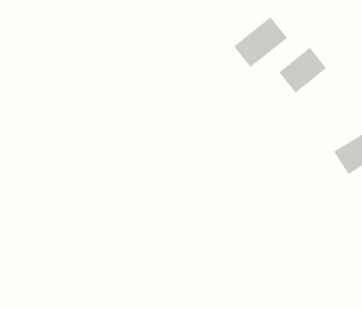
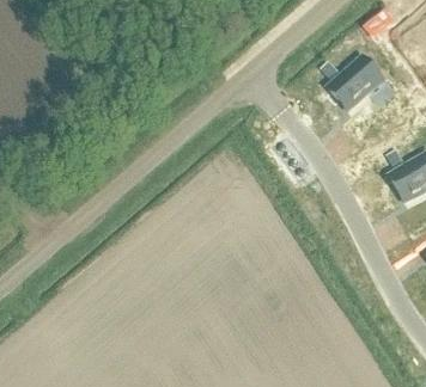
building: [233,16,288,68] -> none

